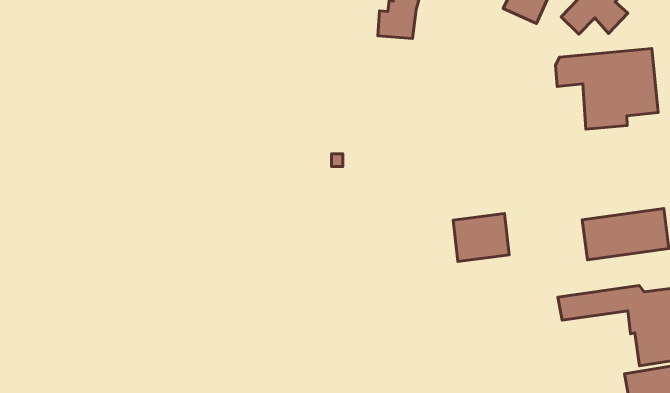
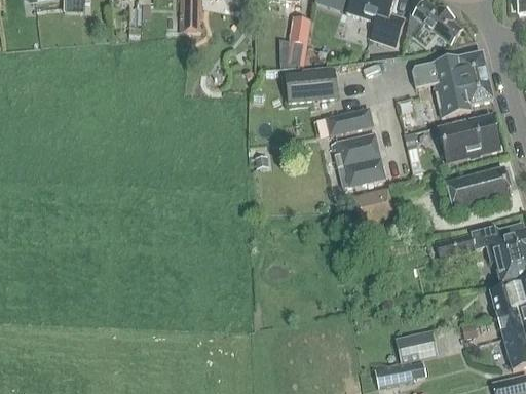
building: none -> [285,68,337,102]
building: none -> [324,105,374,134]
building: none -> [438,114,499,162]
building: none -> [331,130,385,188]

